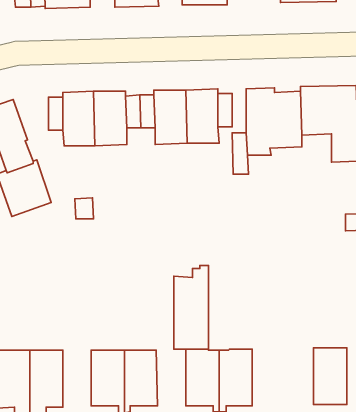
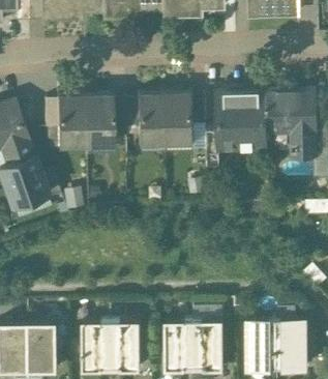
building: [174,266,209,349] -> none
building: none -> [247,319,276,369]

